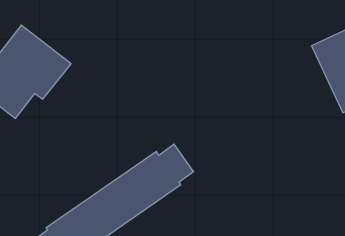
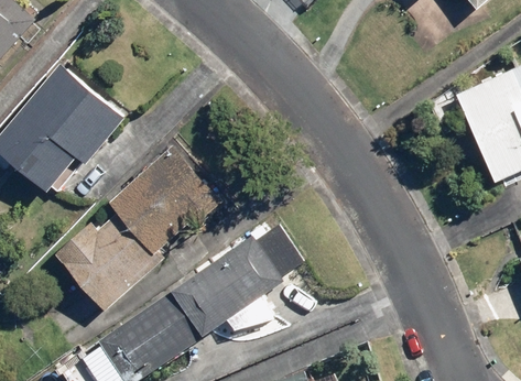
building: none -> [53,144,221,309]

